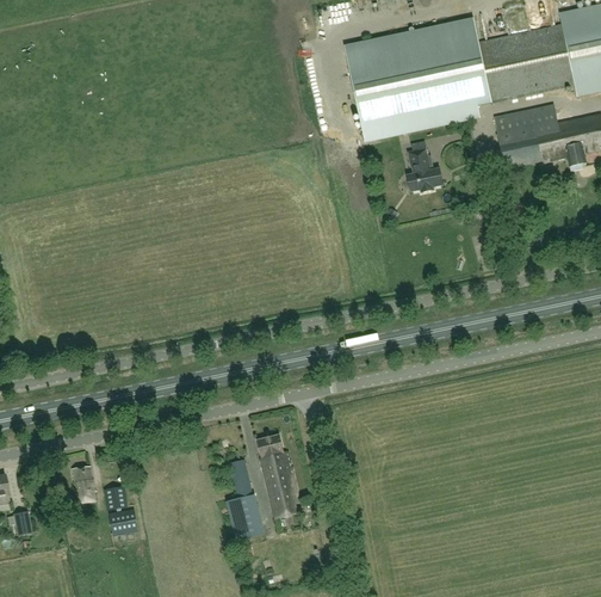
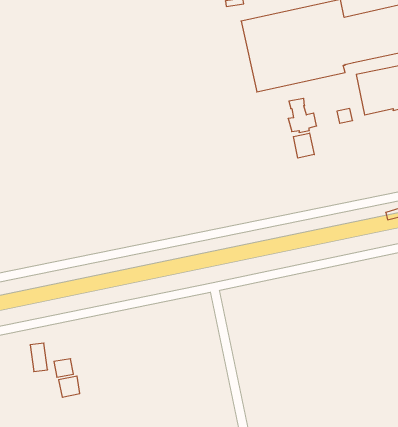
building: none -> [293,133,314,158]
building: [256,433,299,518] -> none
building: [227,457,262,540] -> none

